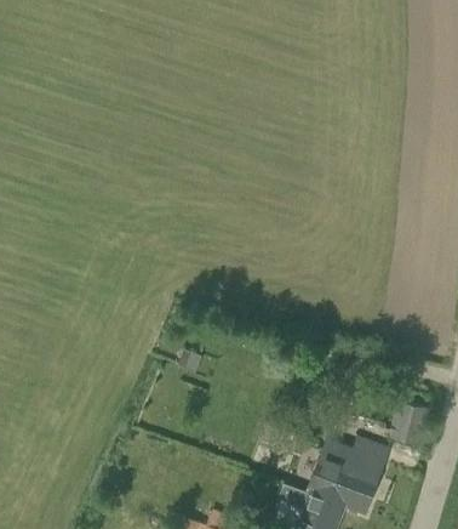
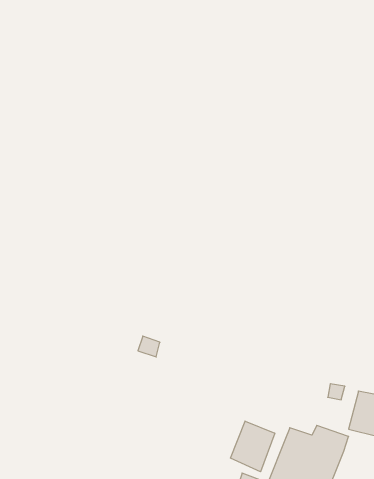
building: none -> [230,421,275,472]

